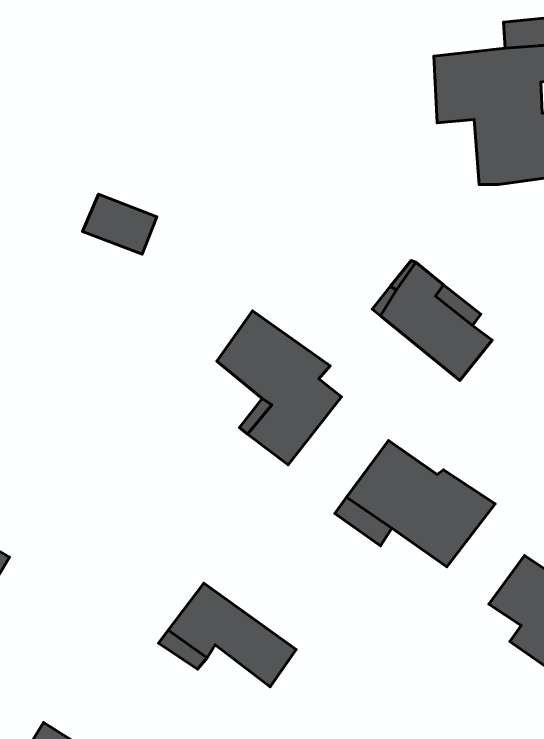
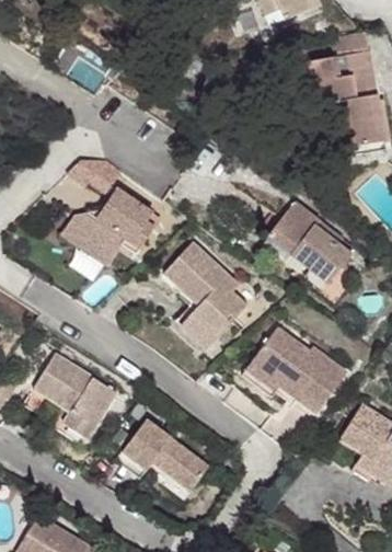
building: none -> [60,188,161,267]
building: none -> [33,354,118,440]

